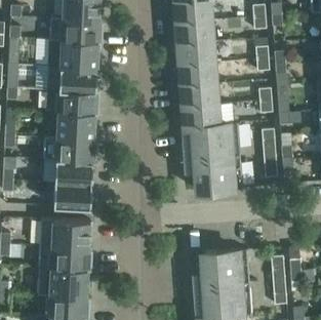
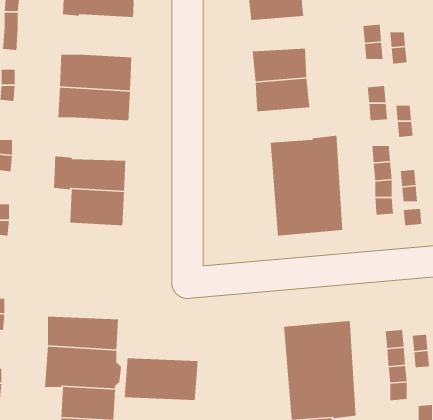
building: [47,41,97,70] -> none
building: [177,42,215,66] -> none
building: [182,105,219,129] -> none
building: [55,112,94,141] -> none
building: [52,184,90,209] -> none
building: [38,219,89,249] -> [124,357,199,401]

